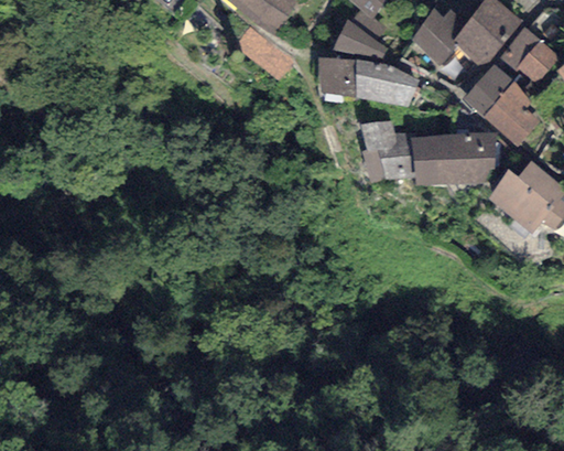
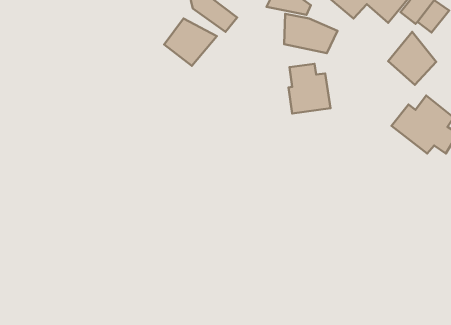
building: [319,58,356,96] -> none
building: [462,64,513,117] -> none
building: none -> [164,19,217,66]
building: [411,132,496,184] -> none

